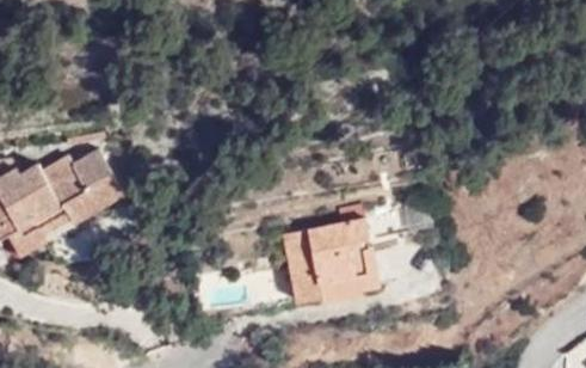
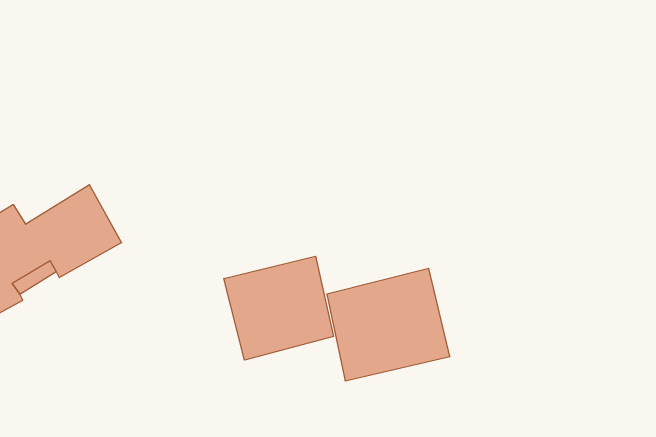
building: none -> [224,256,334,360]

